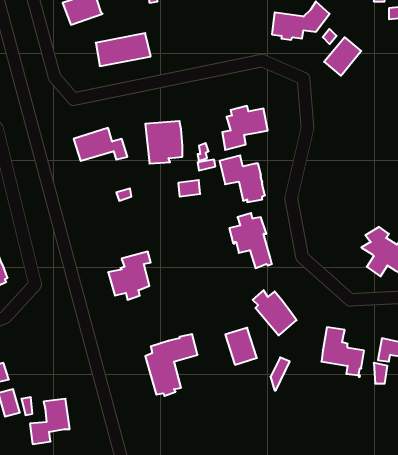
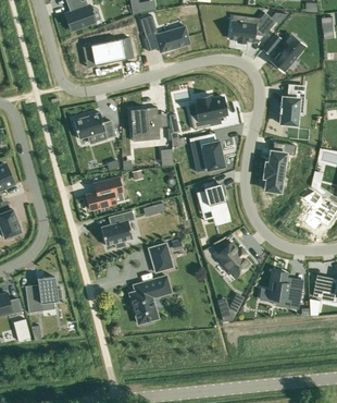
building: none -> [140,15,189,52]
building: none -> [279,86,304,127]
building: none -> [263,144,296,192]
building: none -> [86,178,122,209]
building: [225,328,257,365] -> [148,243,173,272]
building: [30,399,70,444] -> [26,277,58,313]

